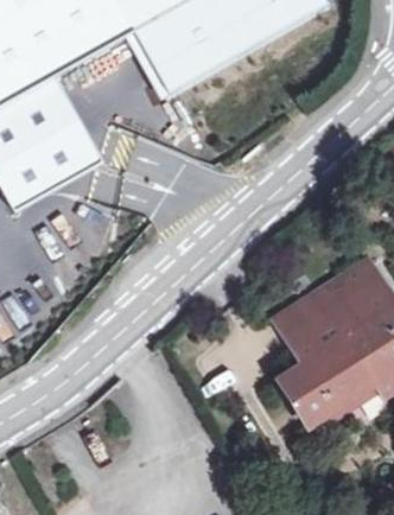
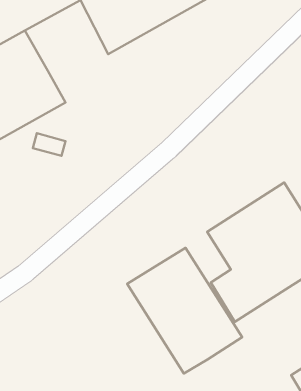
building: none -> [127,248,242,373]

